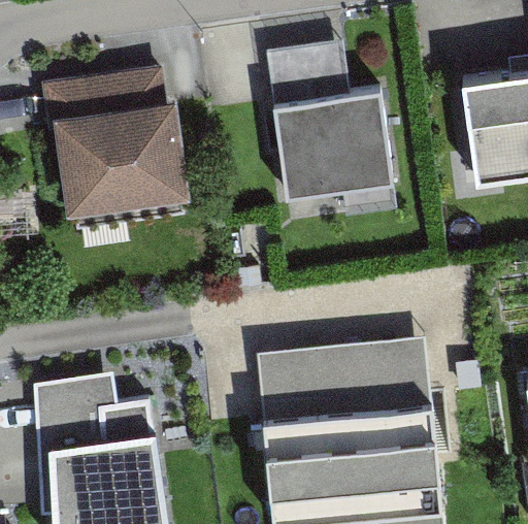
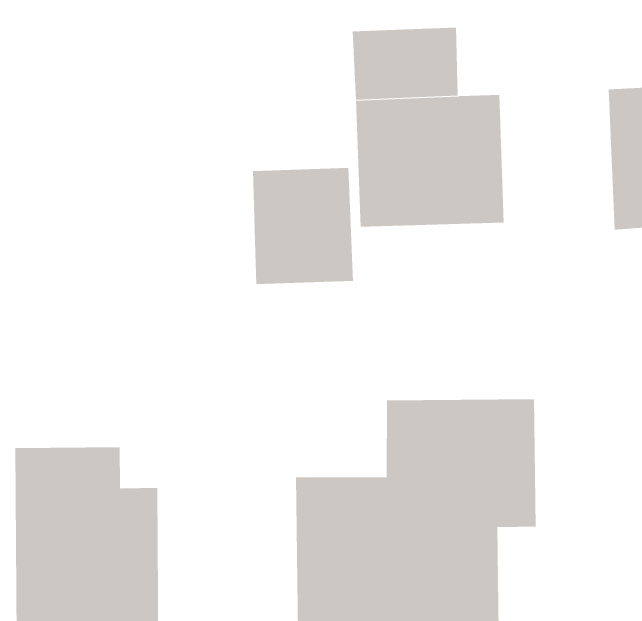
building: [58,72,183,224] -> none
building: none -> [252,167,353,285]

